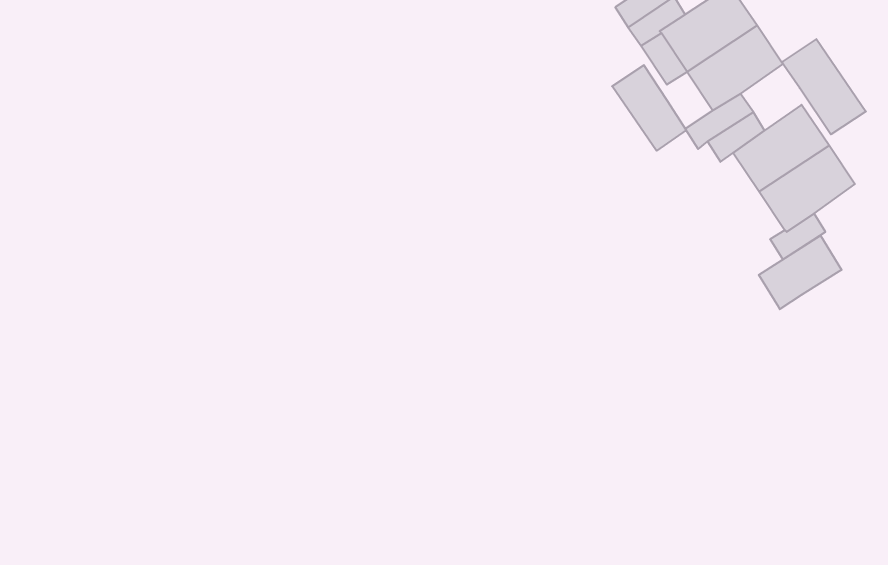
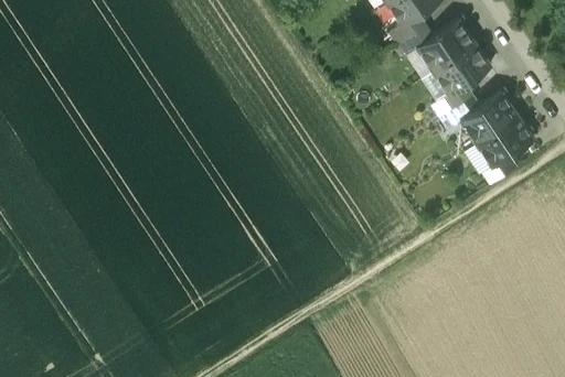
building: [781,39,866,134] -> none
building: [612,65,686,151] -> none
building: [759,236,842,309] -> none

